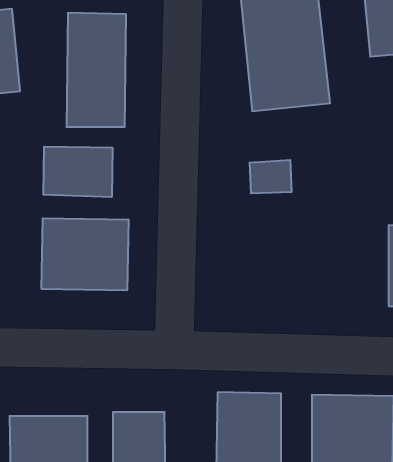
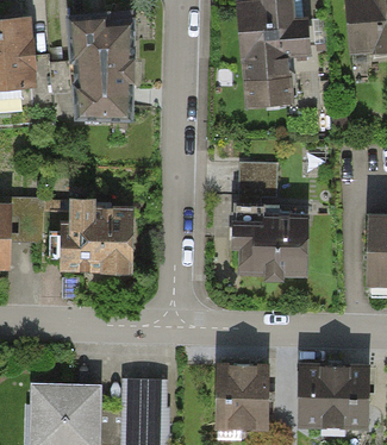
building: [43,147,112,197] -> none
building: none -> [232,214,308,276]

